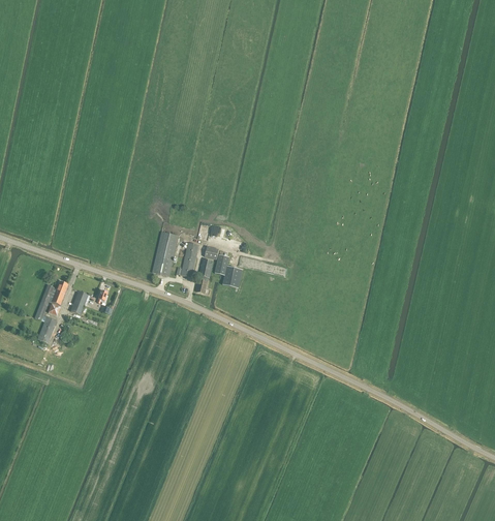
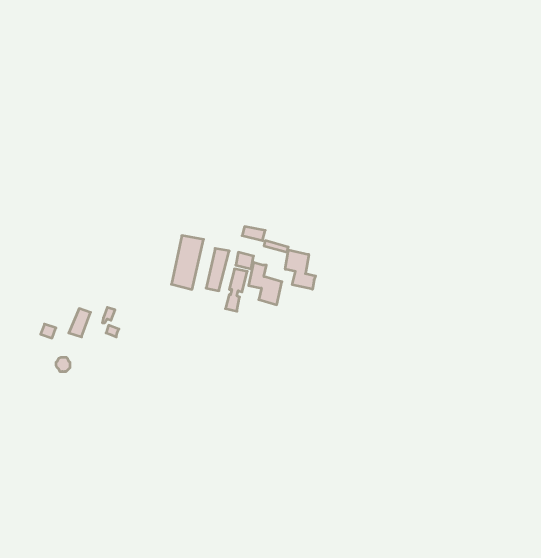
building: none -> [285,250,316,289]
building: [34,280,68,342] -> none

